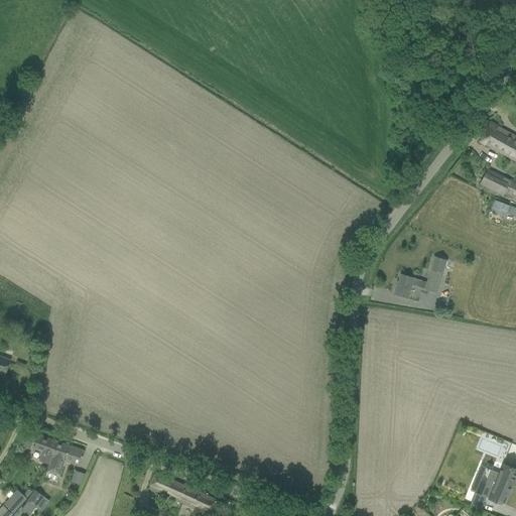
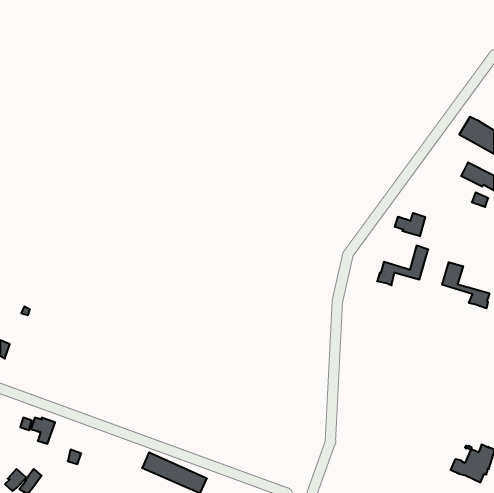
building: none -> [395,213,425,236]
building: none -> [442,262,489,308]
building: [46,440,84,474] -> none

